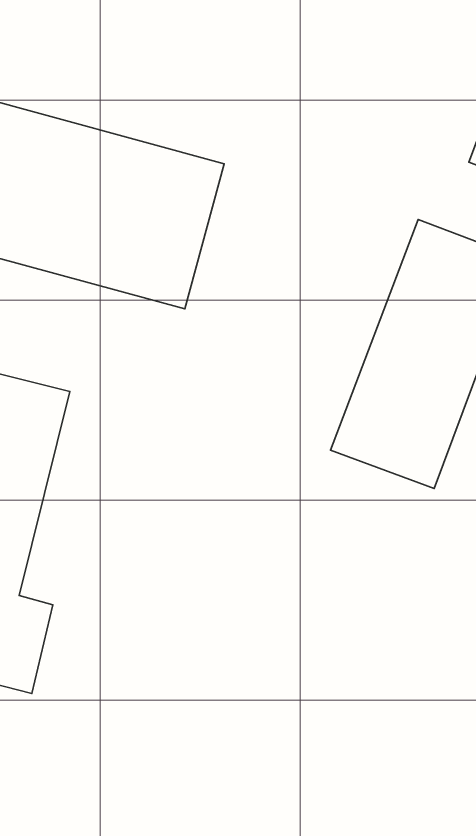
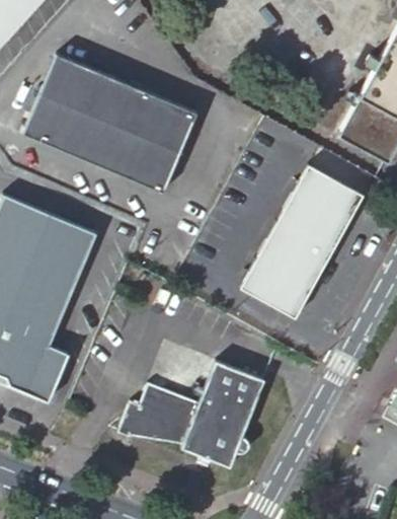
building: none -> [117,364,267,471]

